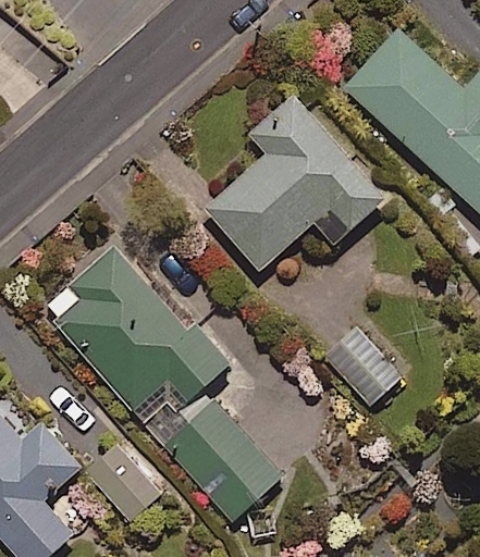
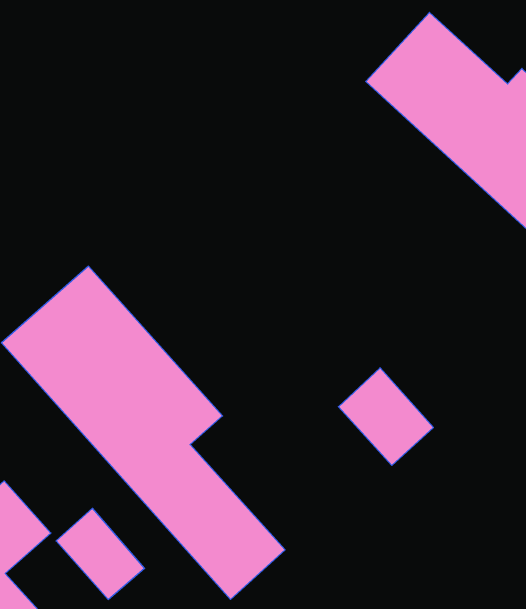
building: [206,95,386,271] -> none

